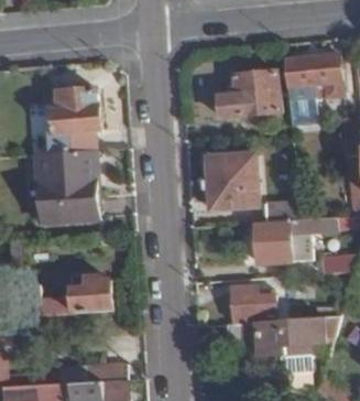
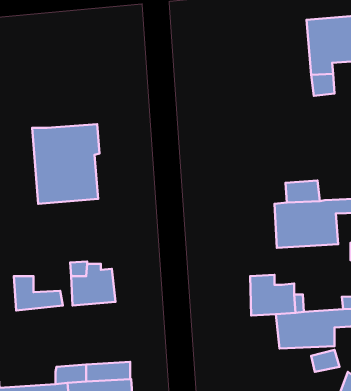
building: [219,71,280,116] -> none
building: [48,86,99,154] -> none
building: [207,154,258,208] -> none

